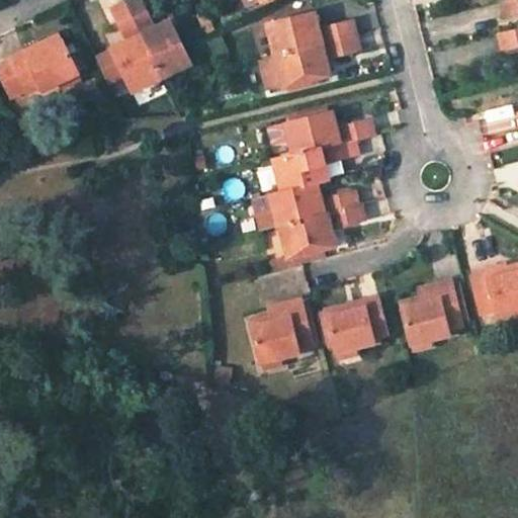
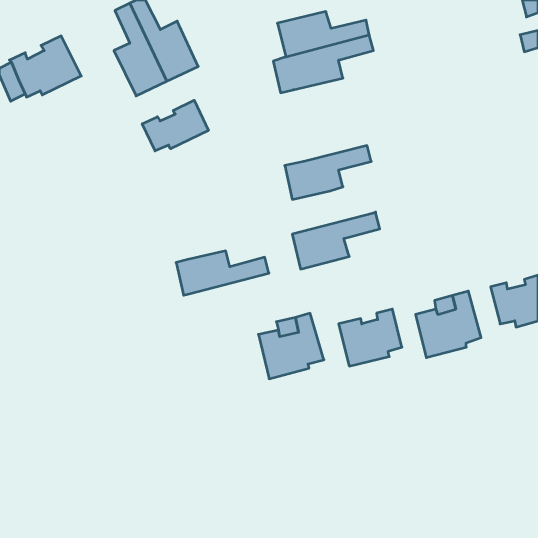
building: none -> [142,100,208,151]
building: [284,112,372,156] -> none
building: [269,184,358,227] -> [176,251,269,295]

